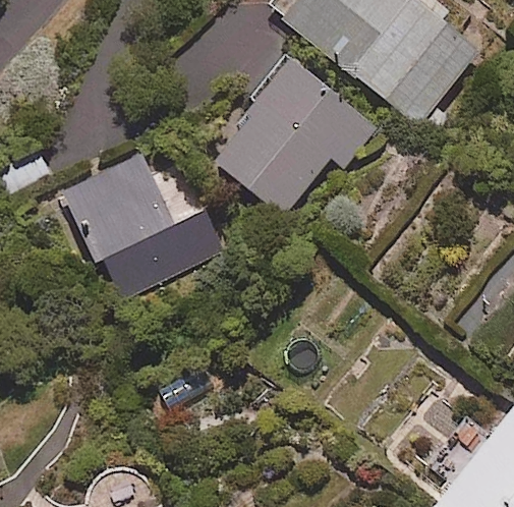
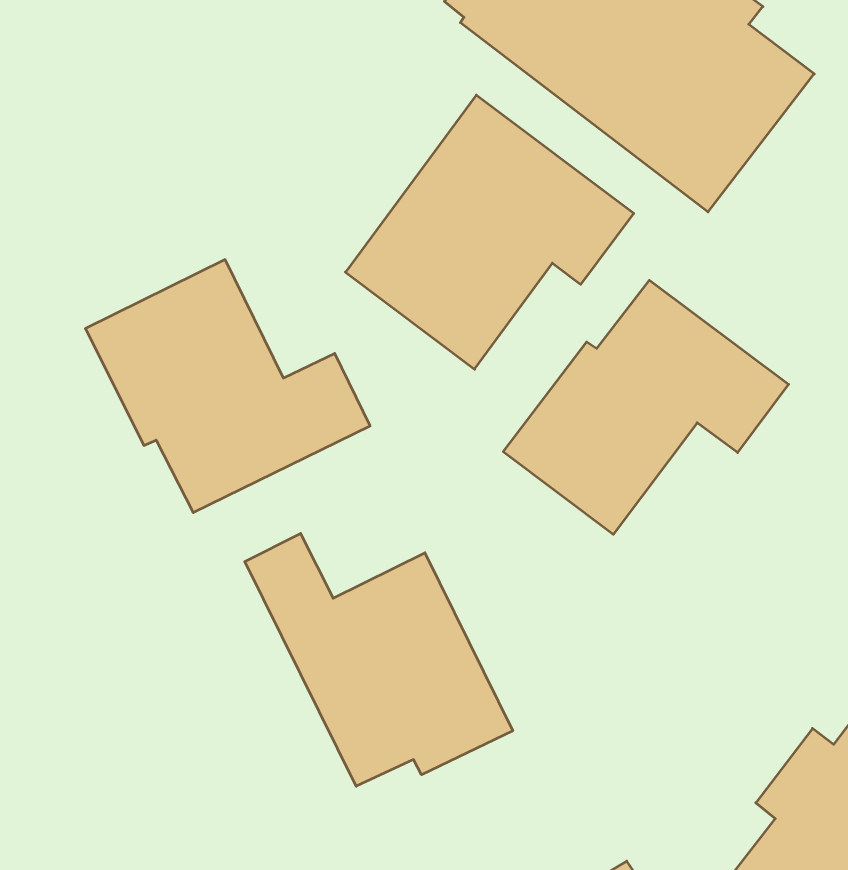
building: none -> [503,280,789,534]
building: none -> [245,533,513,786]

